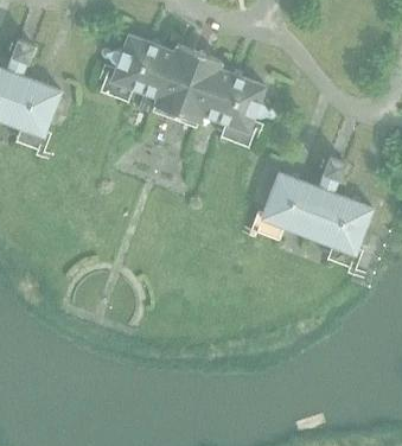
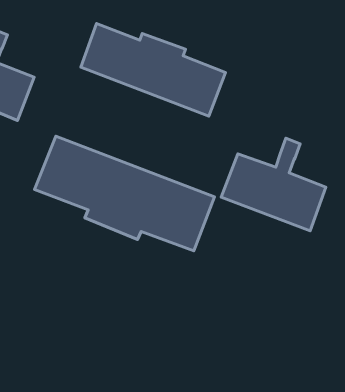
building: none -> [34,136,214,251]

